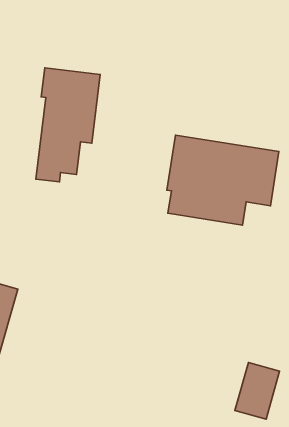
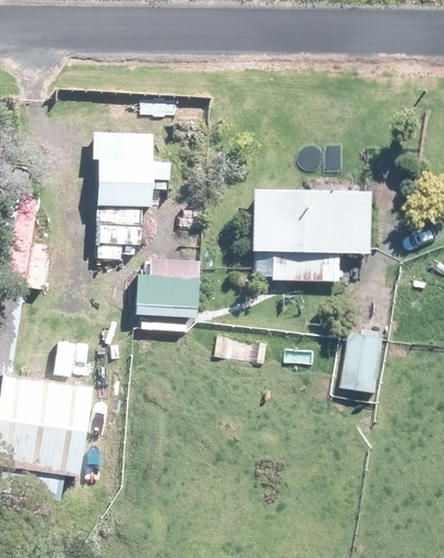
building: none -> [133,257,200,315]
building: [235,363,280,419] -> [342,329,389,392]

